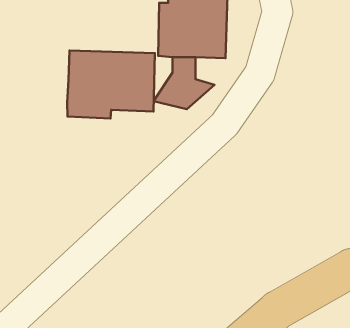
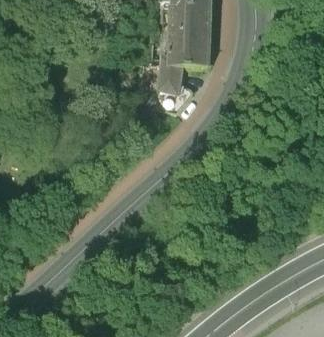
building: [67,50,155,118] -> none

